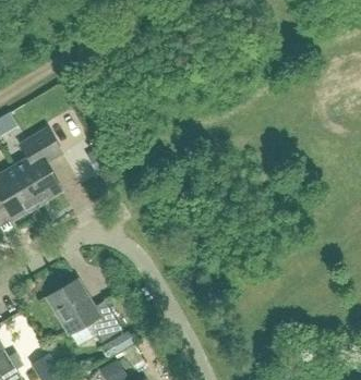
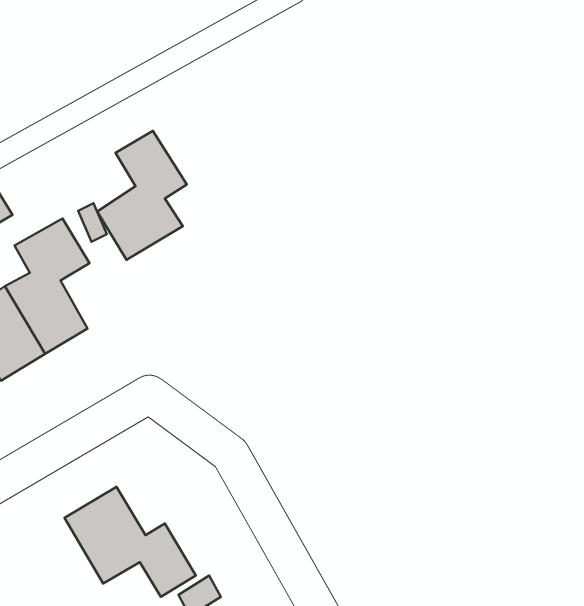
building: none -> [97,131,187,260]

